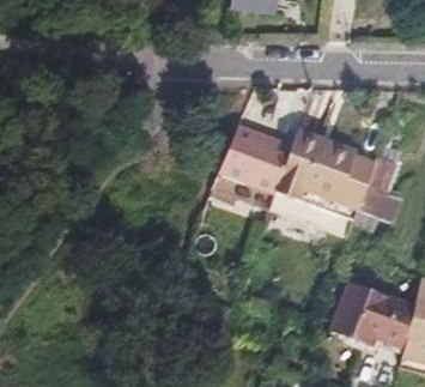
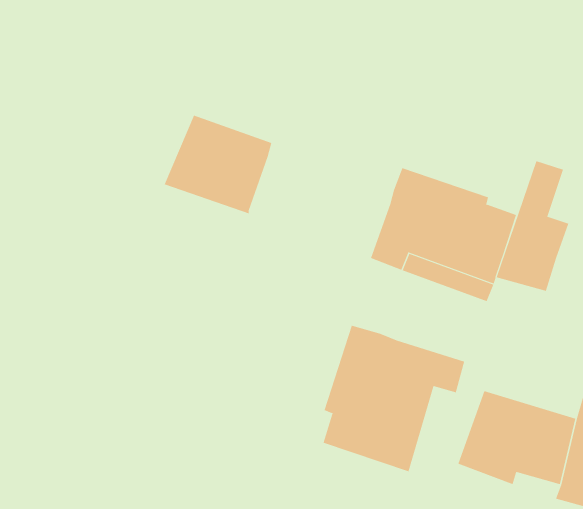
building: [215,127,290,195] -> [164,115,272,214]
building: none -> [323,325,465,472]

